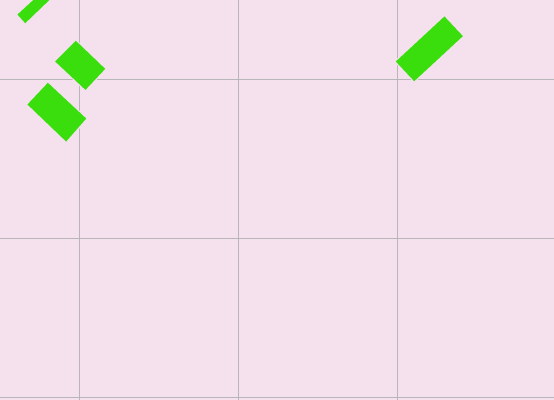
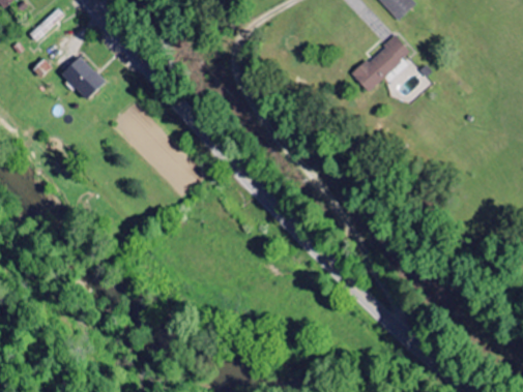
building: [27,82,87,142] -> none

